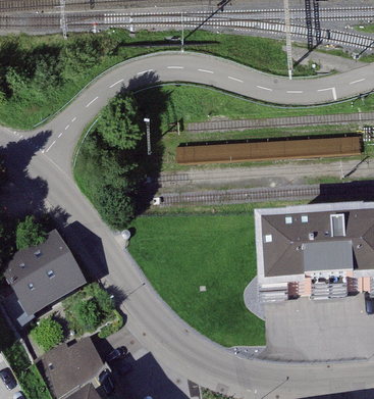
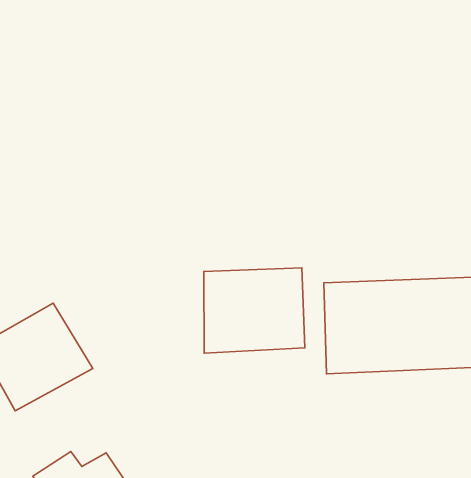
building: none -> [204,268,305,353]

